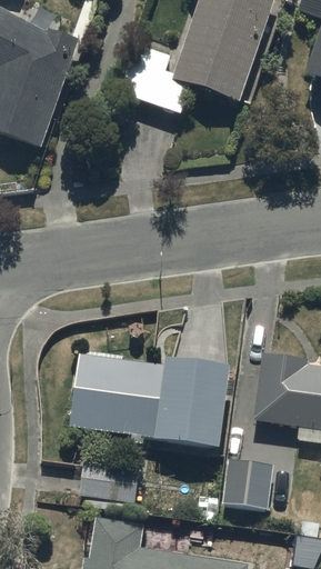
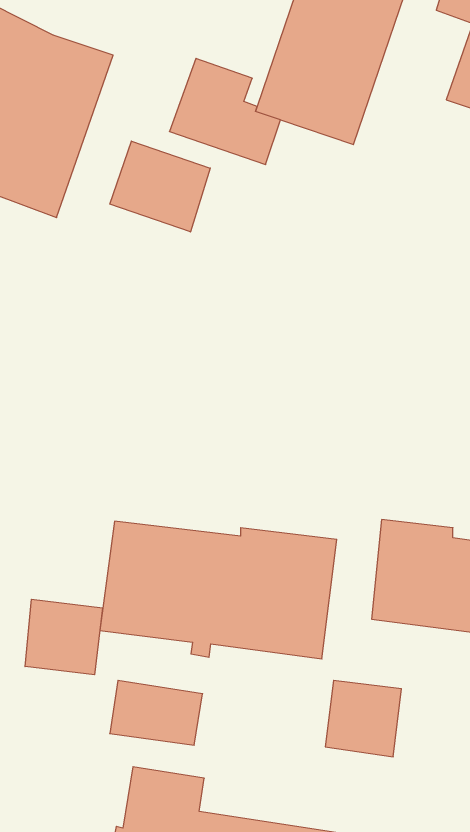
building: none -> [110,141,210,232]
building: none -> [25,599,103,675]

